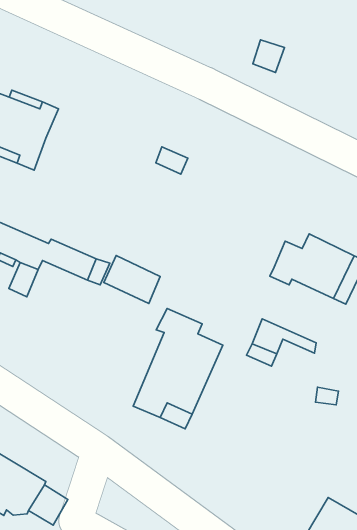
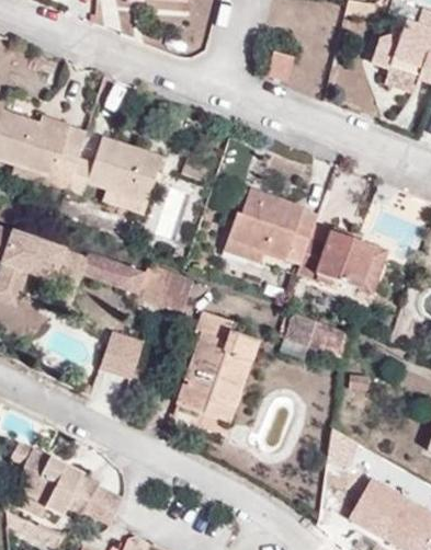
building: none -> [68,137,162,213]
building: none -> [225,188,318,264]
building: none -> [100,333,144,380]

